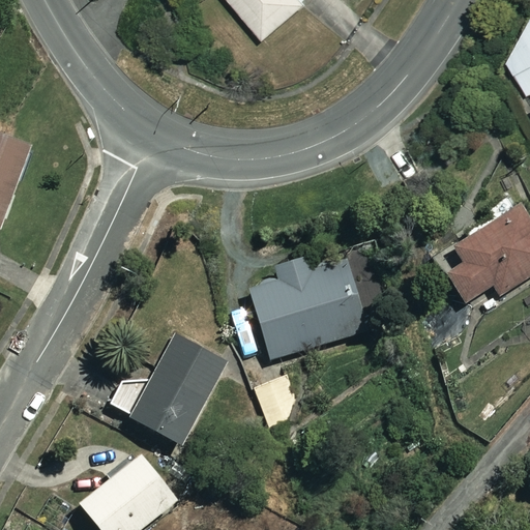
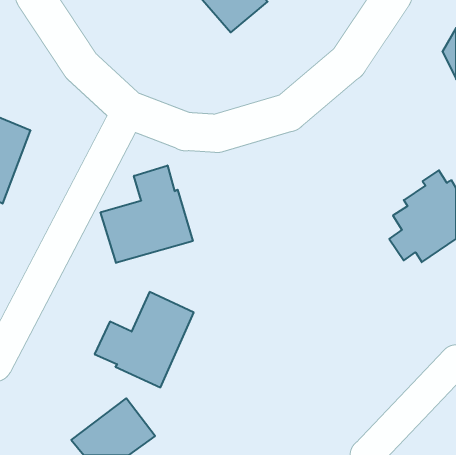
building: none -> [101,165,193,263]
building: [249,255,365,354] -> none

